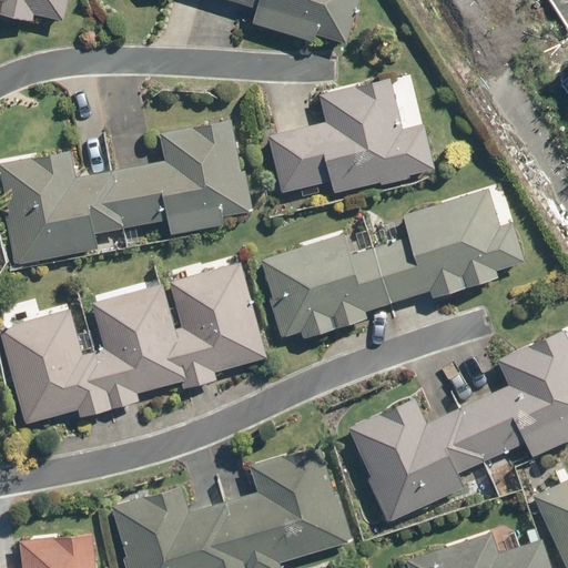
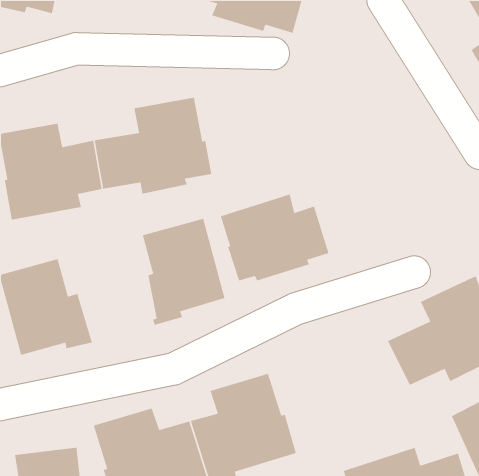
building: [267,77,435,192] -> none
building: [373,189,526,304] -> none
building: [91,284,185,409] -> none
building: [348,397,485,523] -> none

